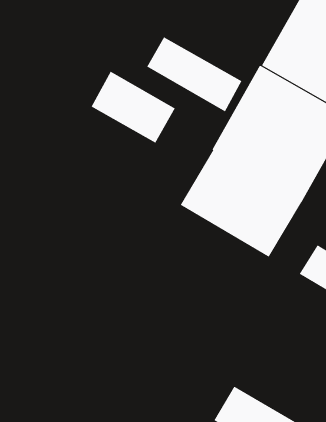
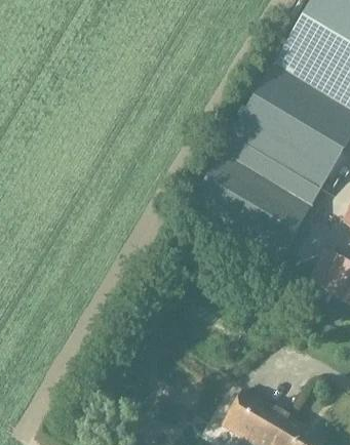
building: [146,36,242,112] -> none
building: [91,71,176,143] -> none

